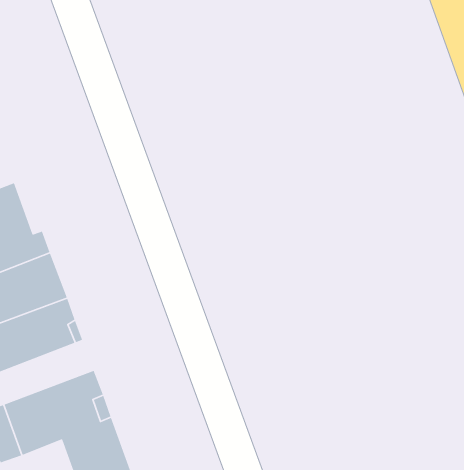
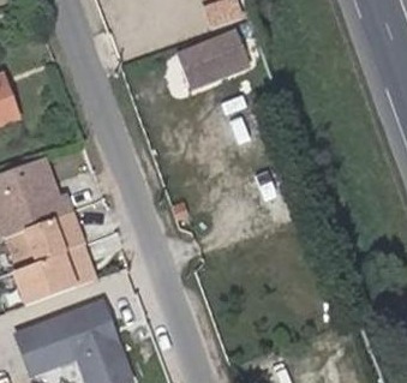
building: none -> [175,28,247,83]

